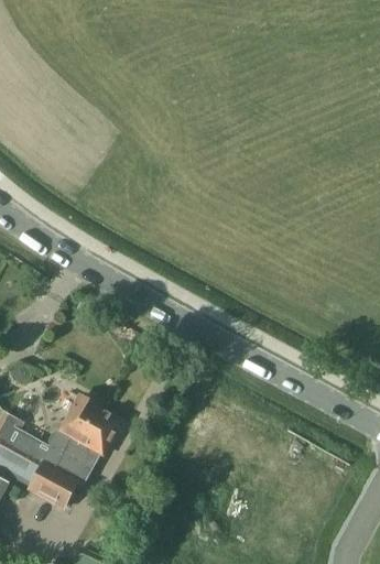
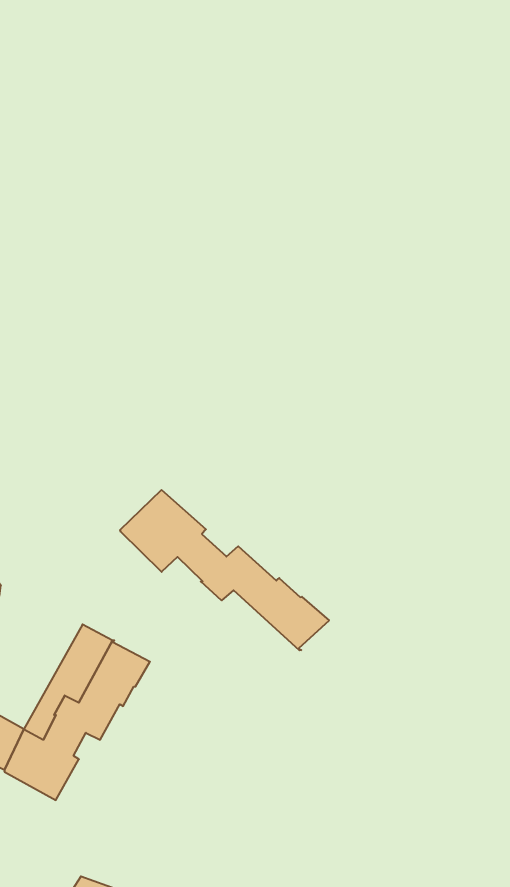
building: none -> [120,490,329,650]

